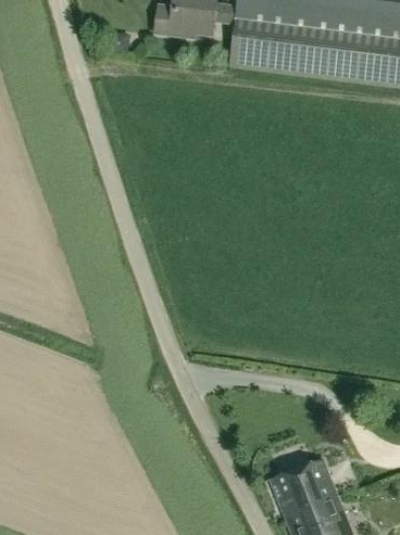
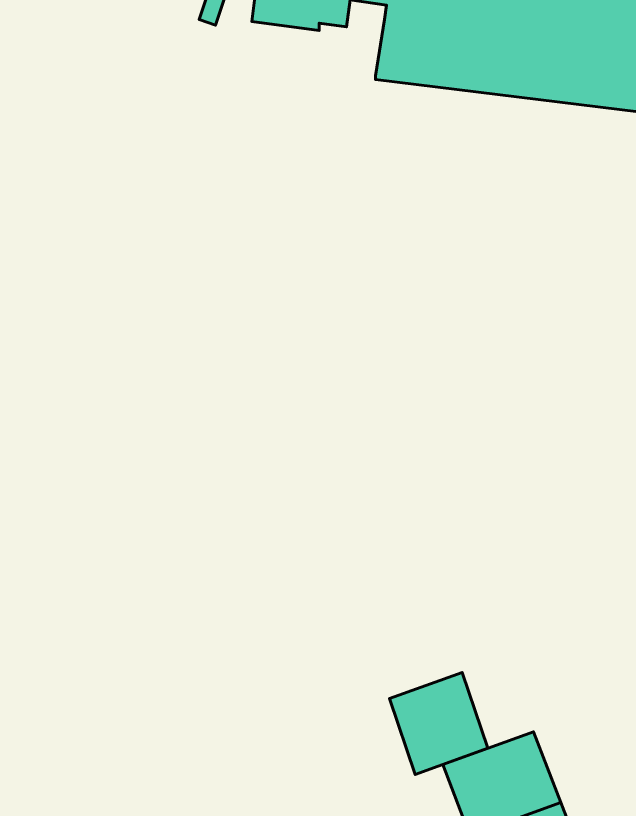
building: none -> [389,672,488,774]

